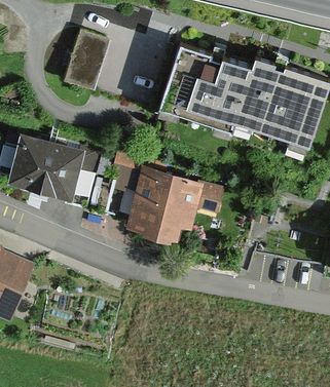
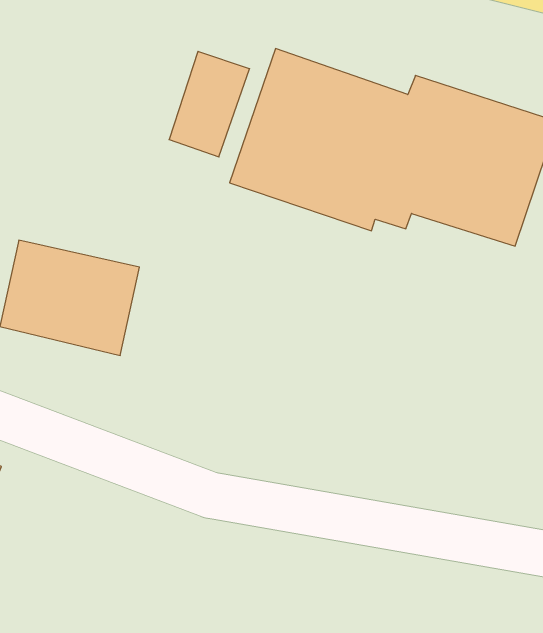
building: [63,32,106,88] -> [169,51,250,157]
building: [110,156,221,235] -> none

